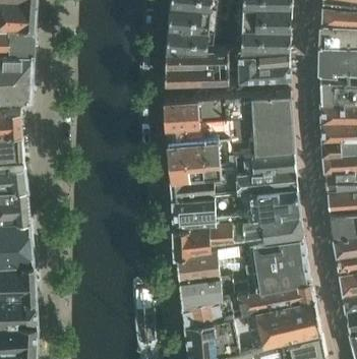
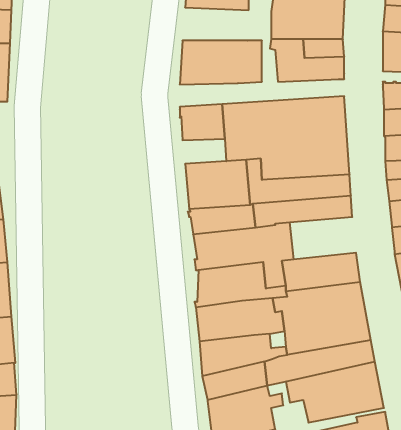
building: [165,25,216,51] -> none
building: [165,126,198,145] -> none
building: [247,186,298,219] -> none

